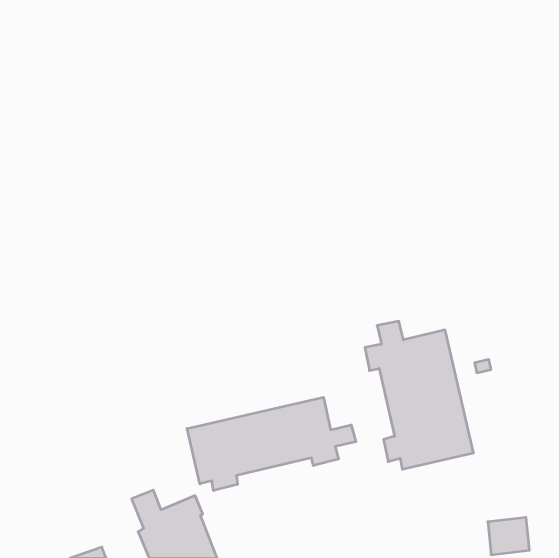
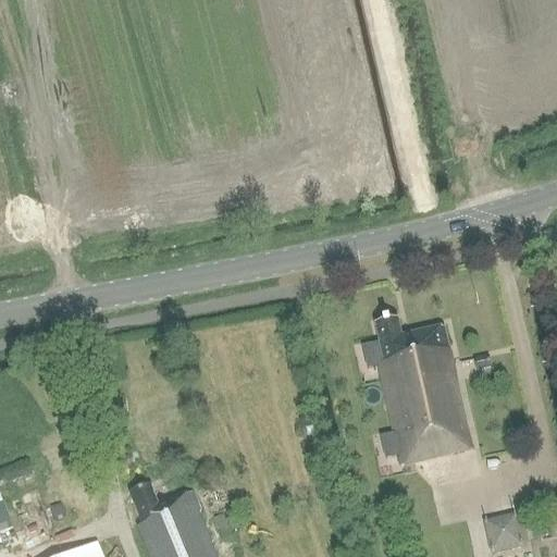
building: [187,397,356,491] -> none

